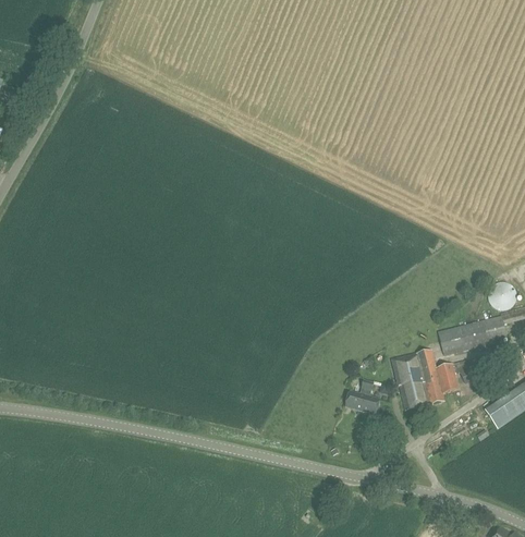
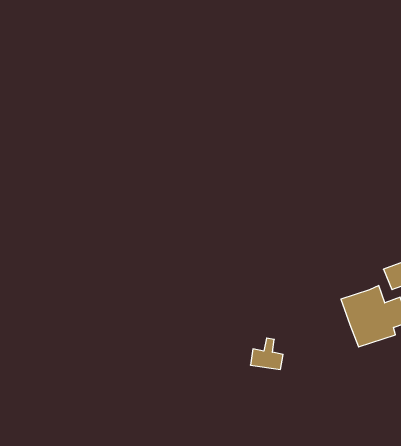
building: [344,380,379,414] -> [250,338,283,369]

